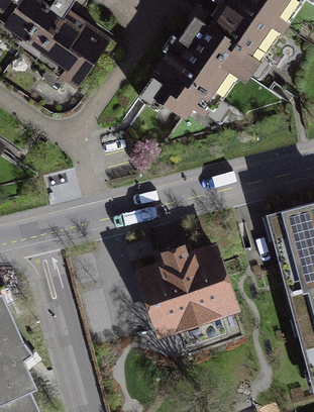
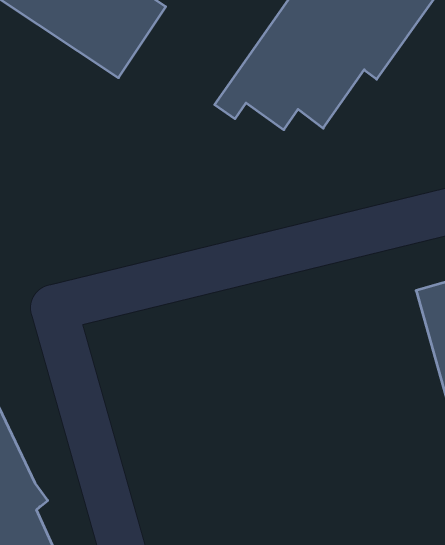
building: [142,247,234,335] -> none

